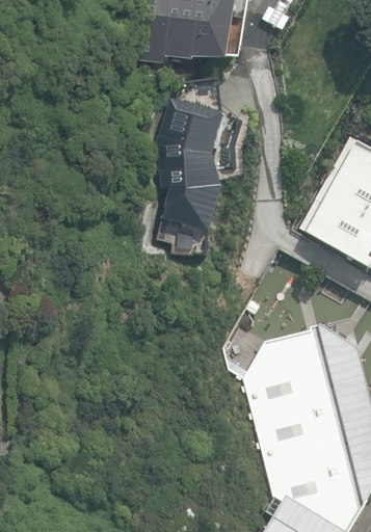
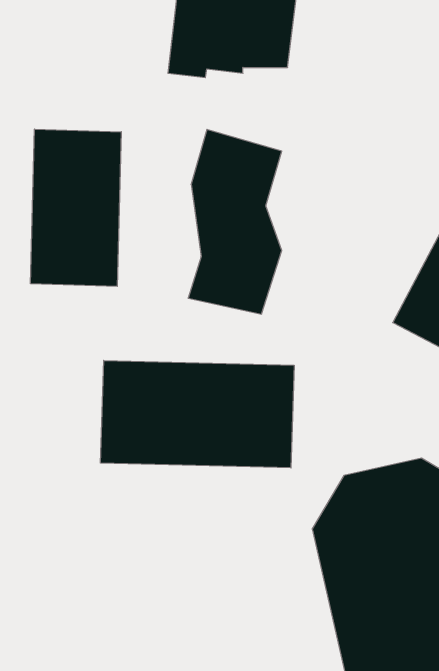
building: none -> [31,129,121,286]
building: none -> [101,360,294,468]

